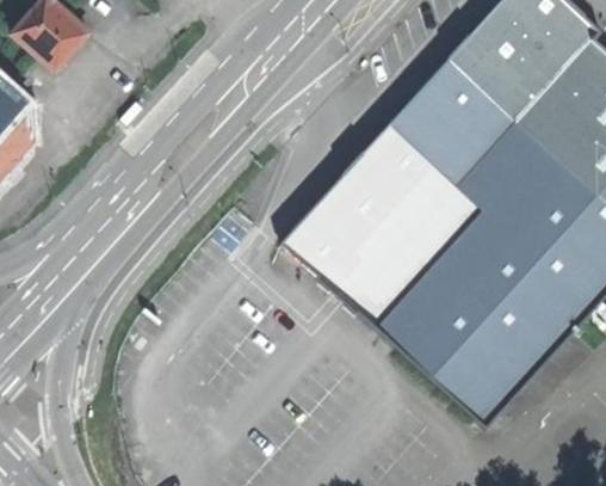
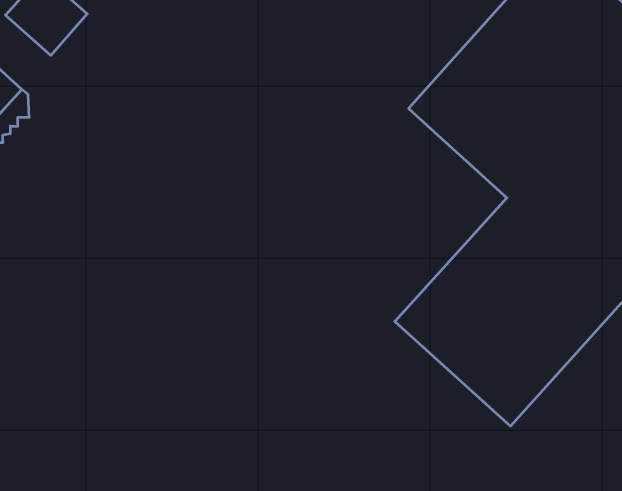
building: [286,121,486,322] -> none

